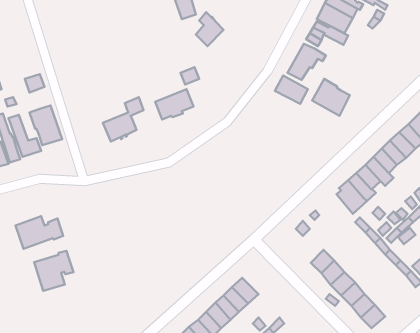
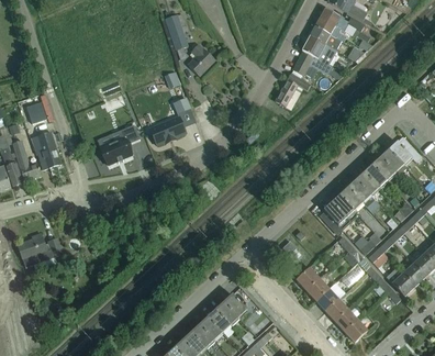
building: [275,75,308,104] -> none
building: [312,79,350,116] -> none
building: [34,251,74,291] -> none

